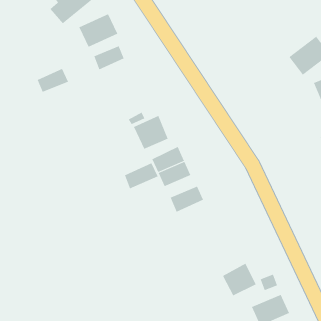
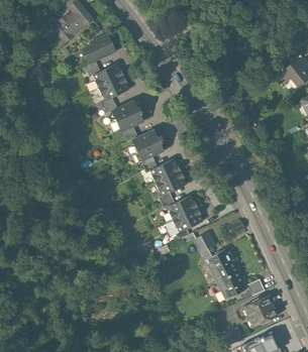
building: [37,68,69,93] -> [98,76,128,99]
building: none -> [108,98,143,133]
building: [124,162,158,189] -> [171,209,203,234]
building: none -> [192,231,236,280]

